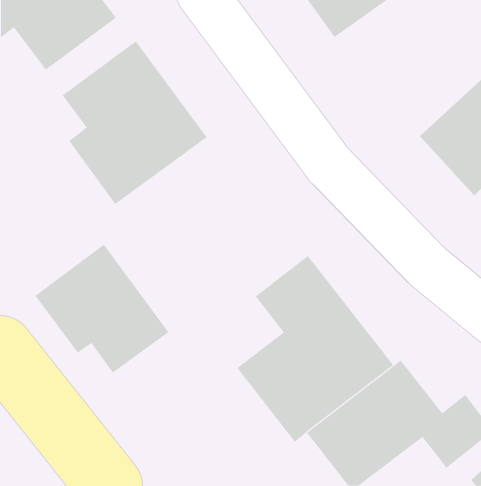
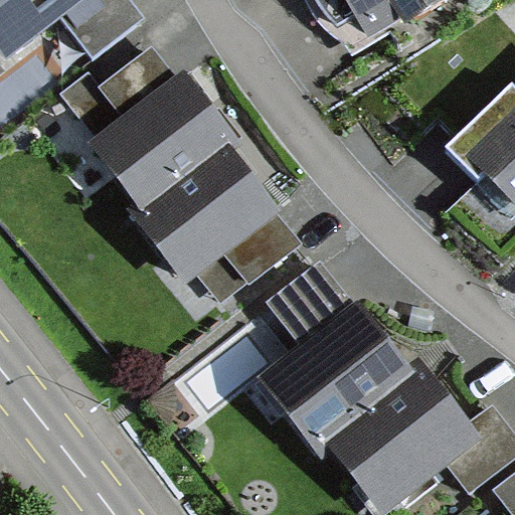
building: none -> [133,143,303,298]
building: [35,244,169,374] -> none

